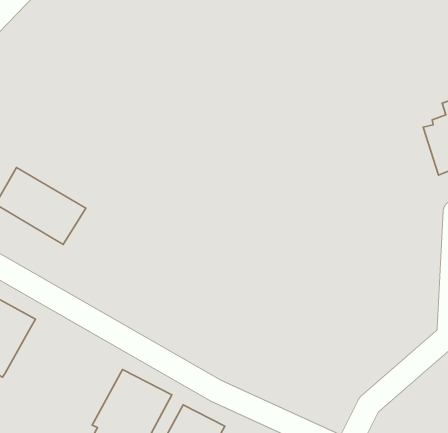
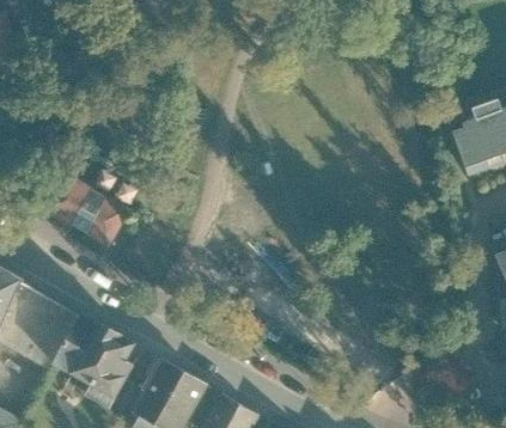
building: none -> [51,319,138,410]

